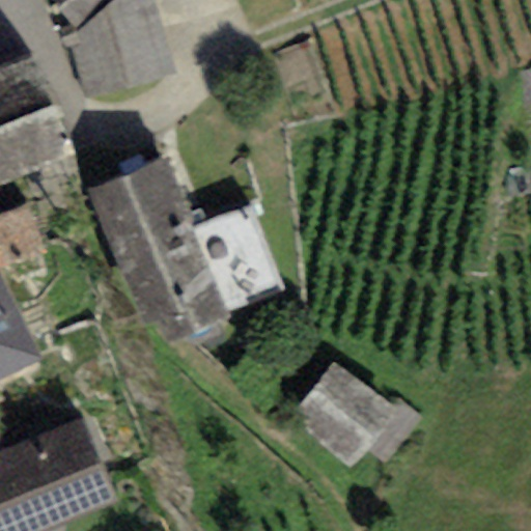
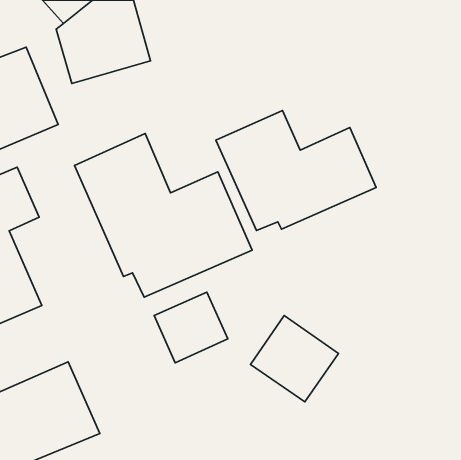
building: none -> [216,111,376,231]
building: none -> [154,292,228,363]

